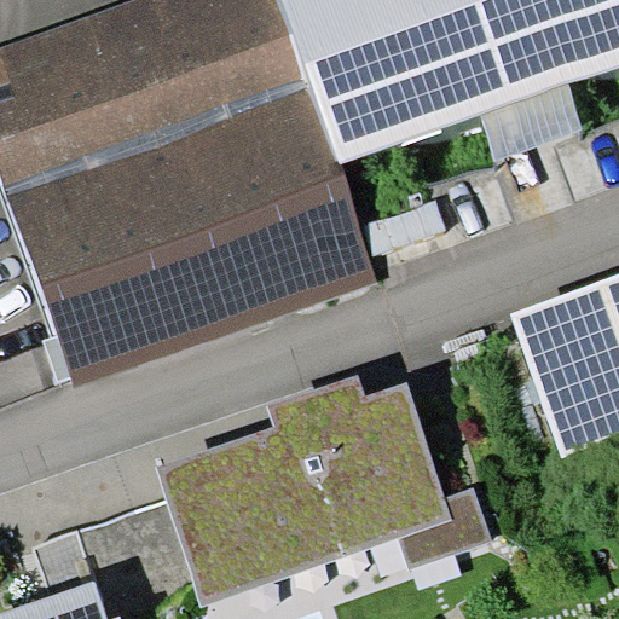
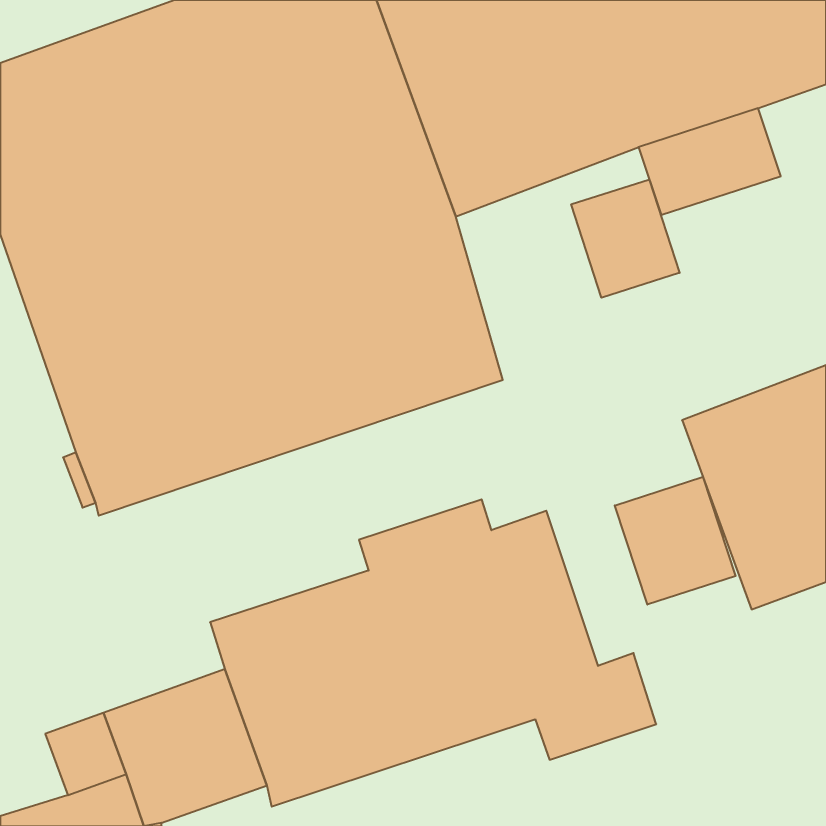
building: none -> [571,179,680,298]
building: none -> [615,477,736,605]

